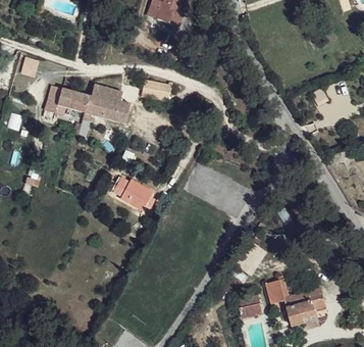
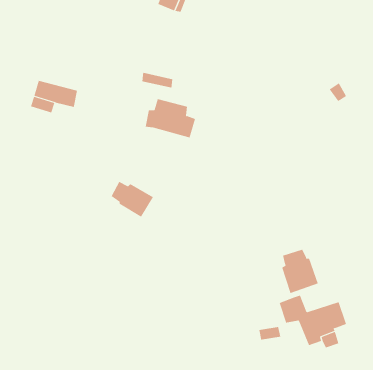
building: [84,85,129,120] -> [145,98,196,138]
building: none -> [282,249,318,294]

